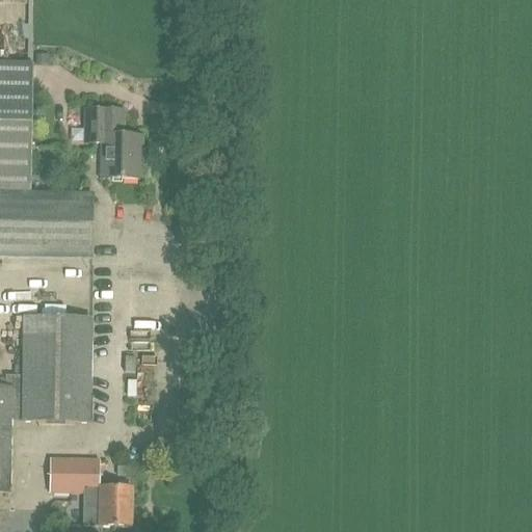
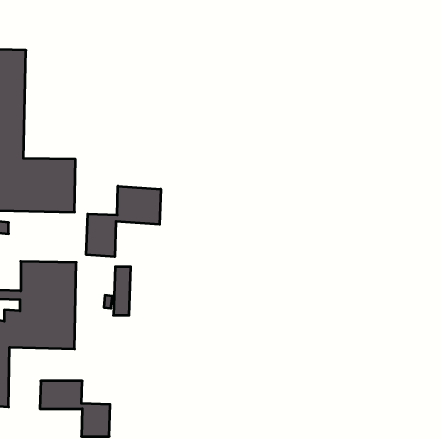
building: [86,106,141,176] -> none
building: none -> [86,186,161,257]

